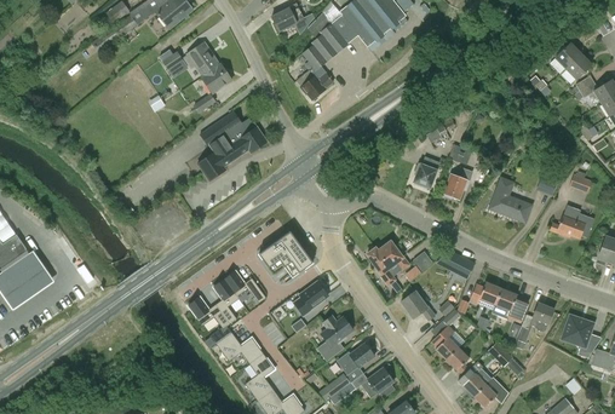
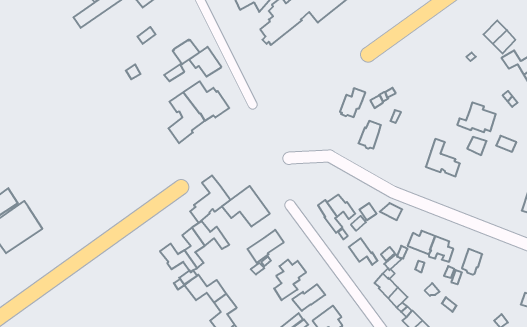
building: [184,42,220,76] -> [189,47,221,77]
building: [295,70,334,100] -> none
building: [443,167,472,200] -> [340,88,365,117]
building: [550,205,593,238] -> [457,102,496,132]
building: none -> [190,175,230,223]
building: [561,315,593,347] -> none

